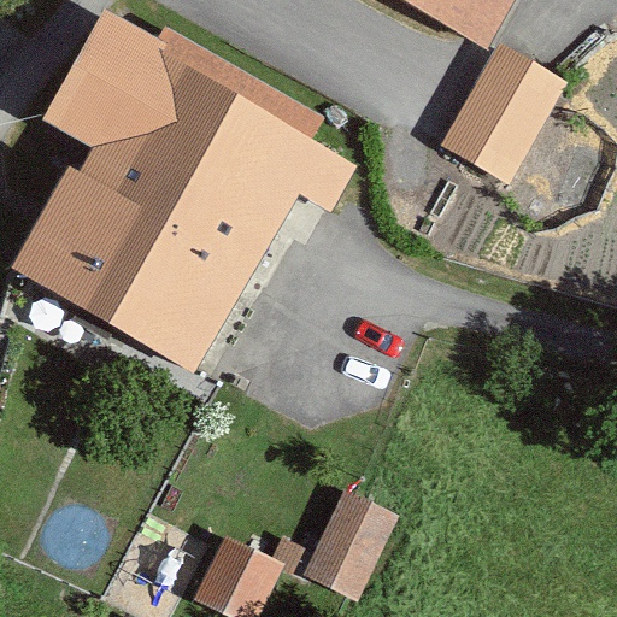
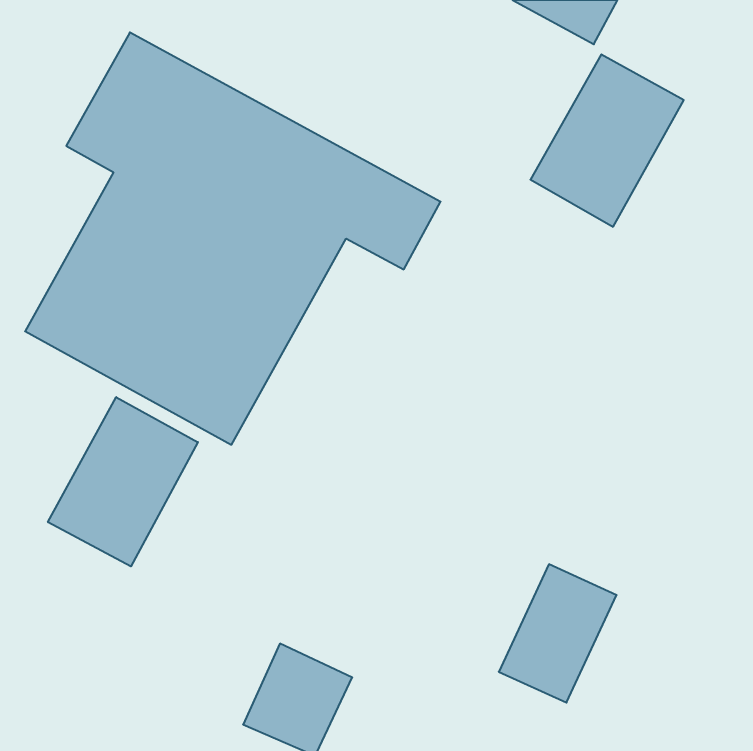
building: none -> [48,397,198,566]
building: [306,481,402,594] -> [499,564,617,703]

